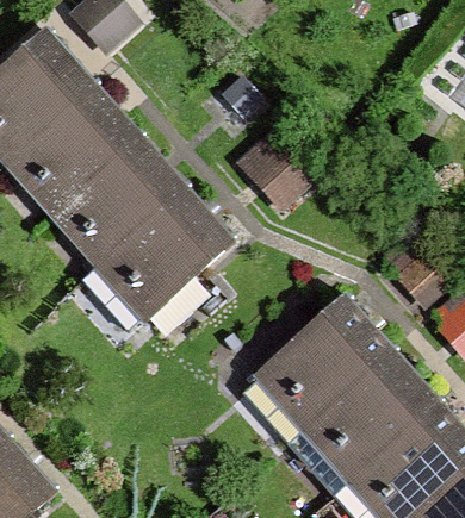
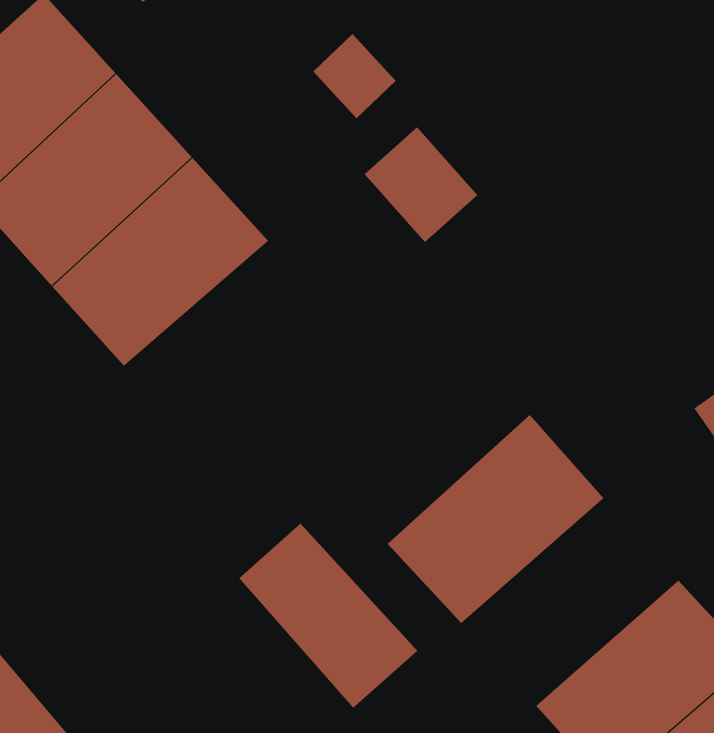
building: [92,196,229,327] -> none
building: [303,357,439,487] -> none
building: none -> [239,523,418,709]

